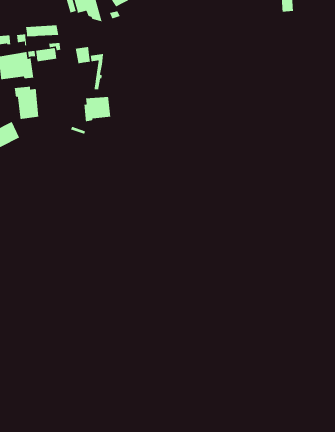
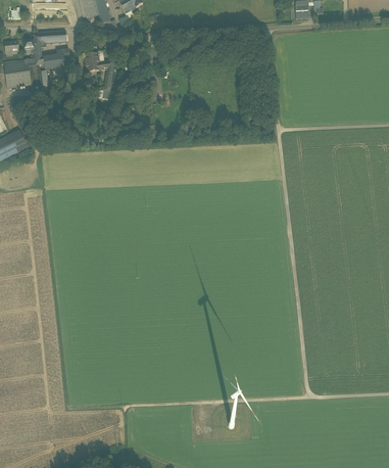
building: [14,86,39,120] -> none
building: [83,96,111,122] -> none

